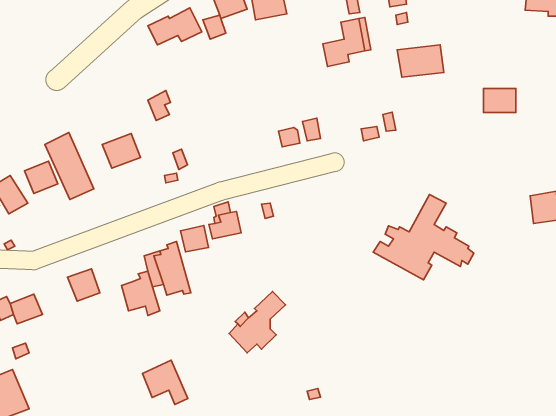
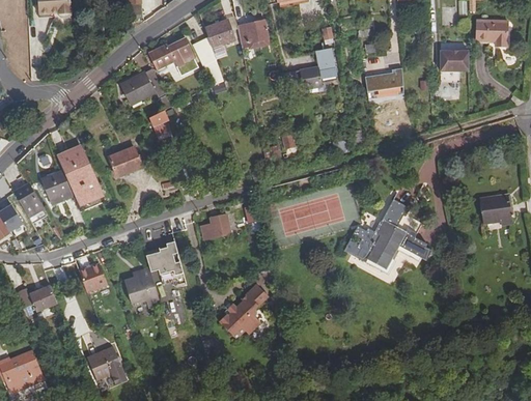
building: none -> [120,67,165,105]
building: [483,89,516,112] -> [441,50,469,70]
building: [180,225,208,252] -> none
building: [142,360,188,405] -> [87,346,127,384]

